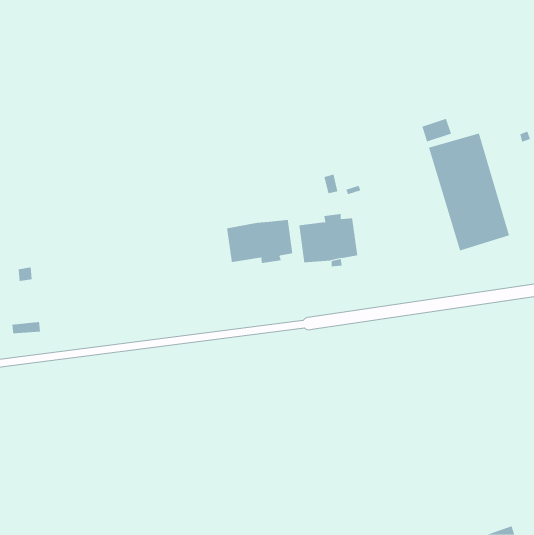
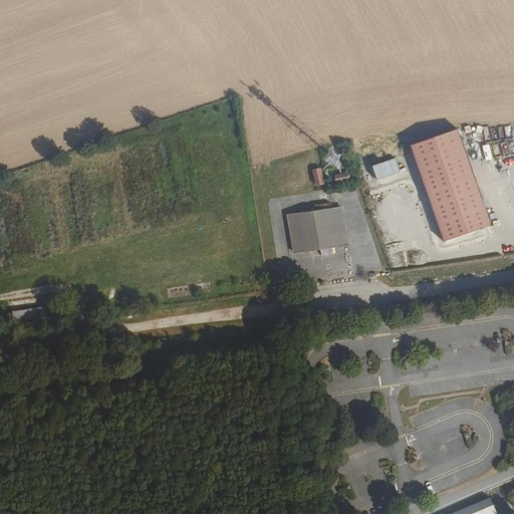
building: [421,118,452,142] -> [371,157,401,180]
building: [227,219,293,264] -> none

